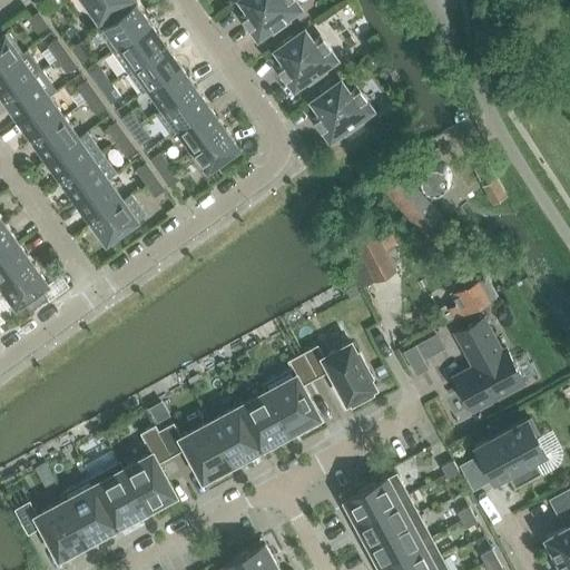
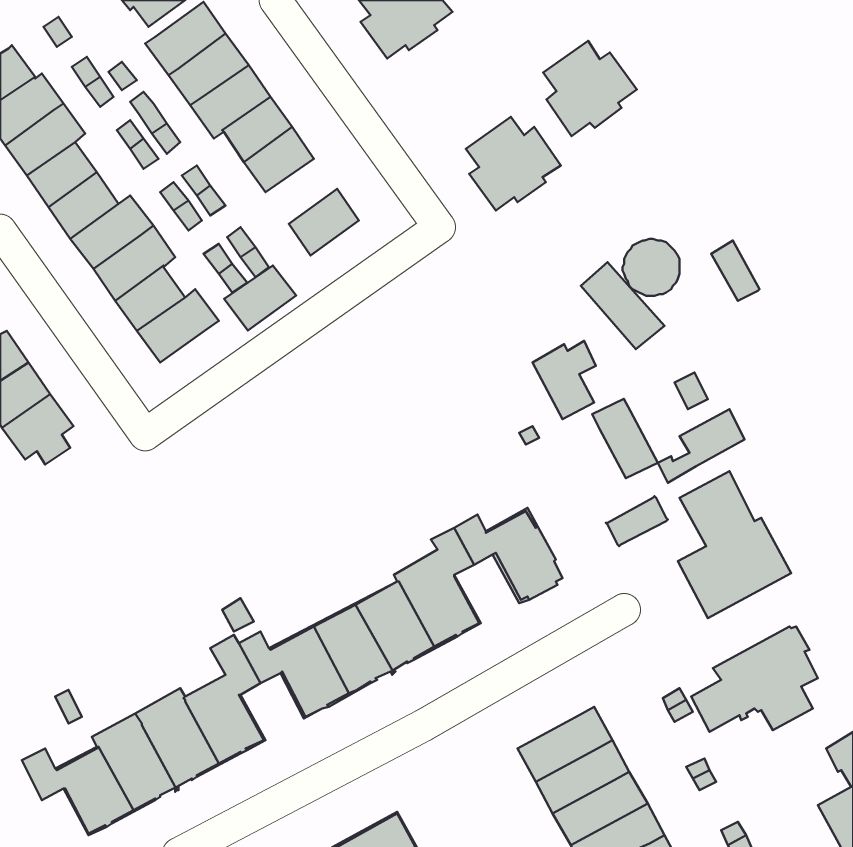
building: [275,31,337,95] -> [543,41,637,136]
building: [177,110,225,154] -> [224,265,296,331]
building: none -> [592,399,658,478]

